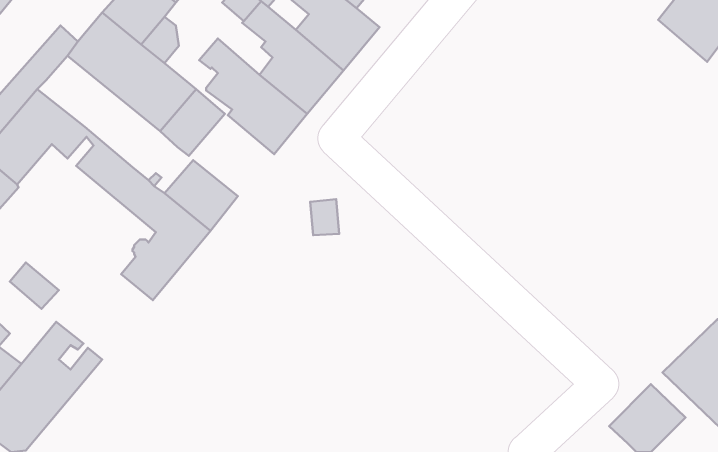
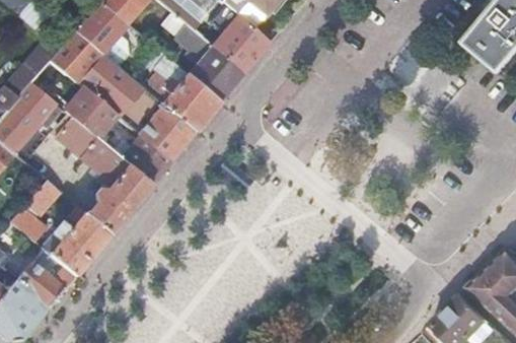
building: none -> [64,89,129,141]
building: none -> [137,104,197,161]
building: none -> [38,180,112,276]

